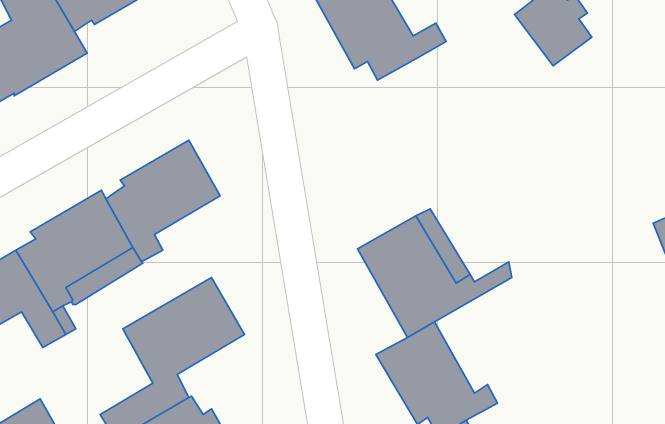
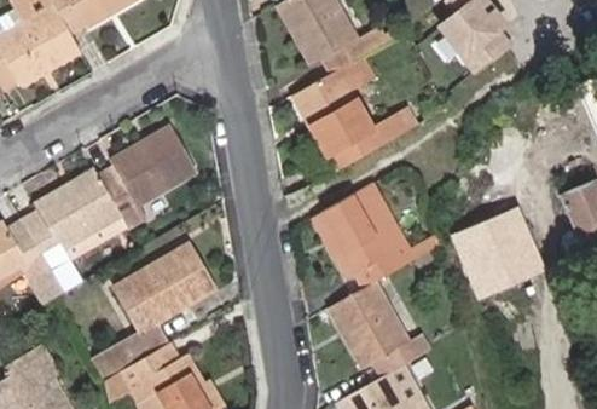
building: none -> [290,57,410,166]
building: none -> [451,208,541,296]

